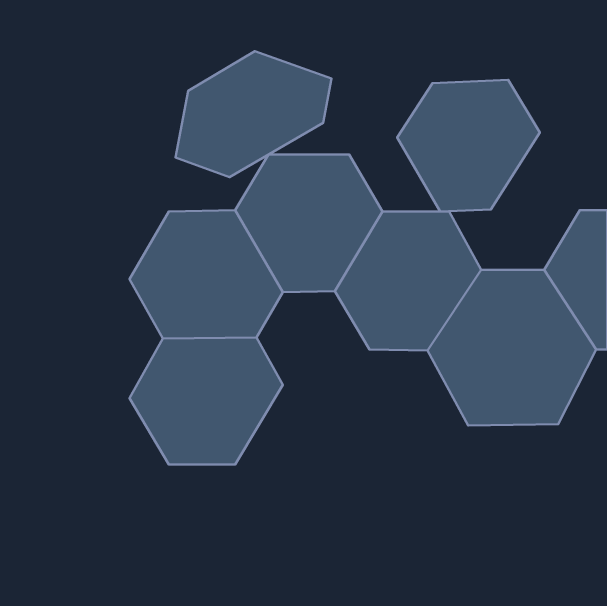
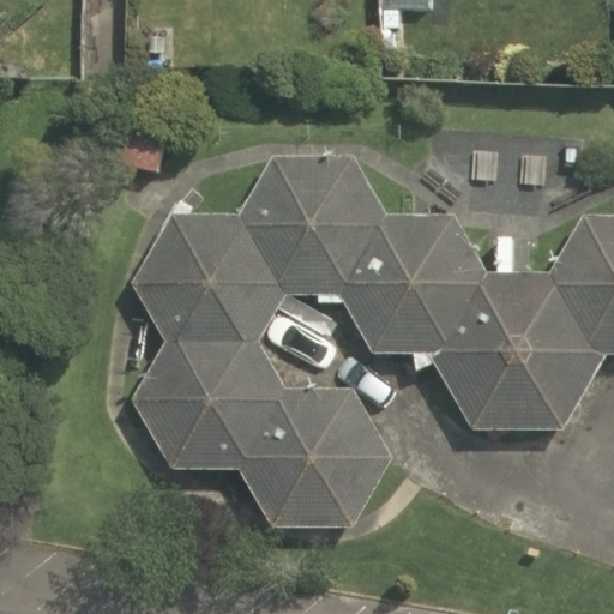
building: [176,51,331,177] -> none
building: [397,80,540,212] -> none
building: none -> [237,390,392,529]

